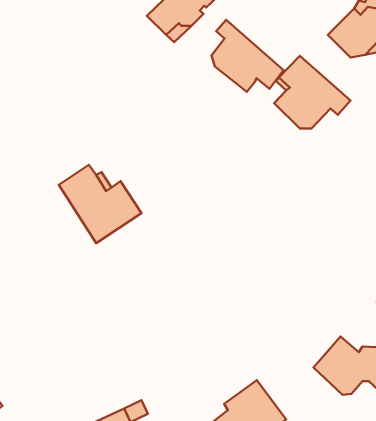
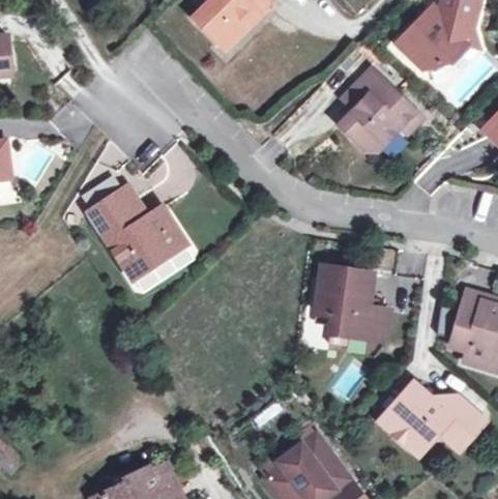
building: [211,20,284,92] -> none
building: none -> [315,264,389,339]

